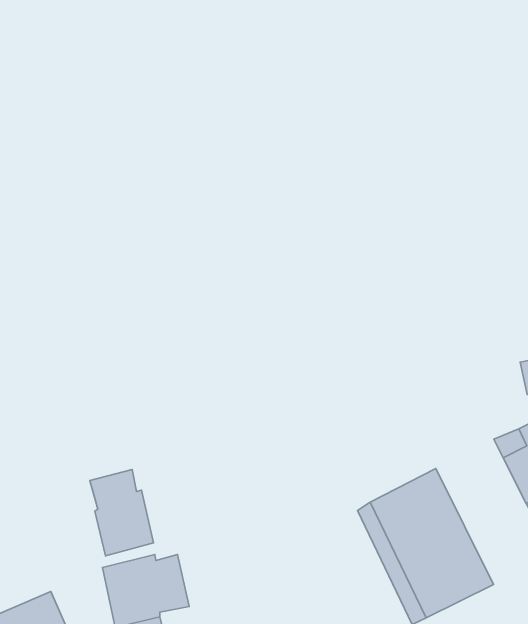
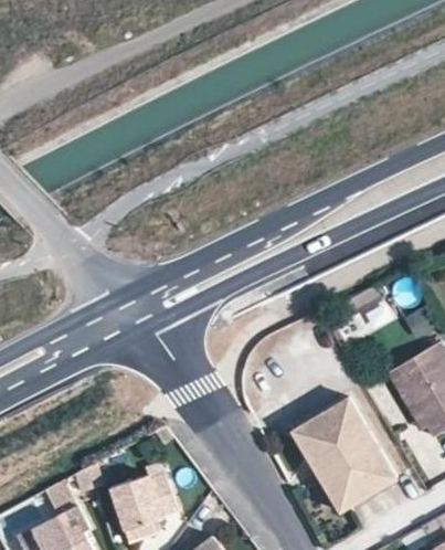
building: [90,470,153,556] -> none

